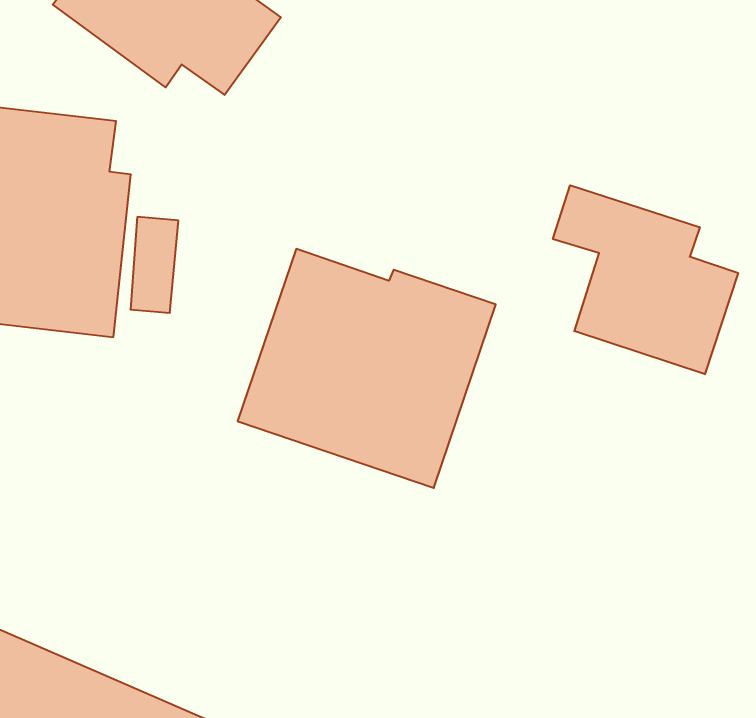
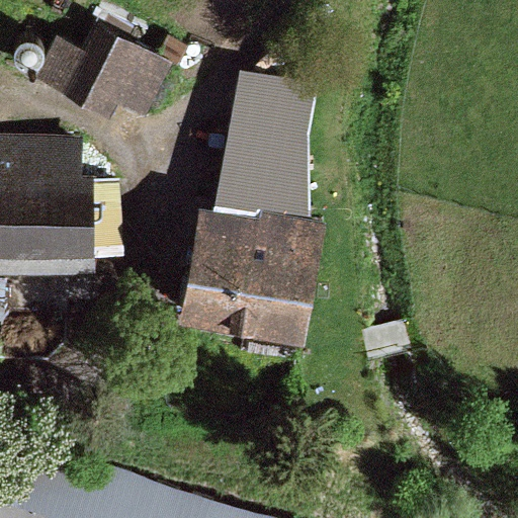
building: none -> [213,76,318,219]
building: [553,185,738,374] -> none

